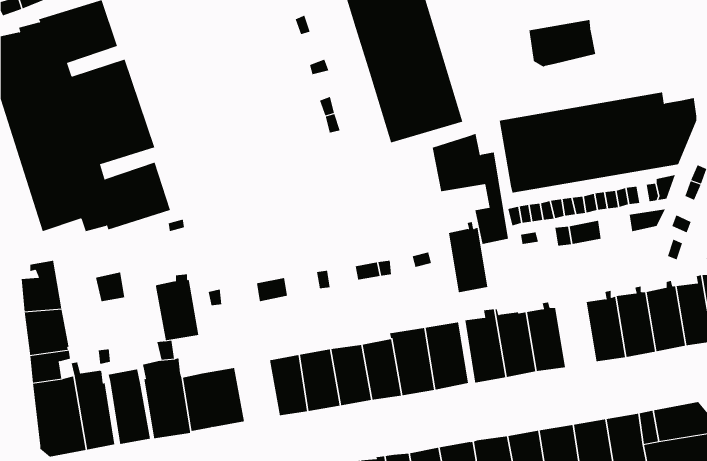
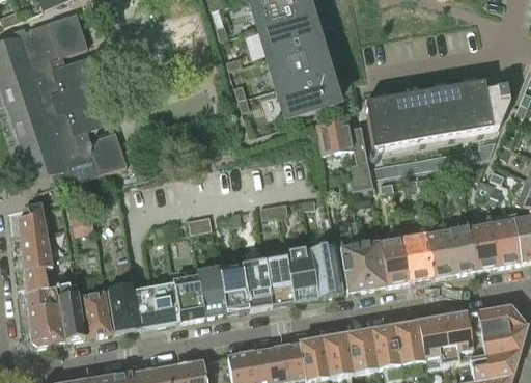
building: [529,19,596,67] -> none
building: [448,221,488,293] -> [407,228,436,280]
building: [155,274,199,341] -> [173,271,205,320]

